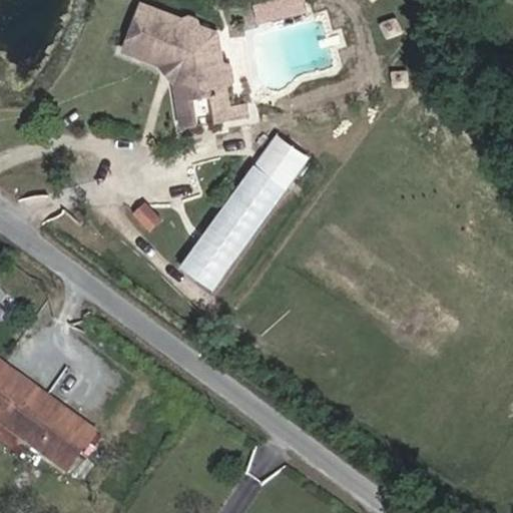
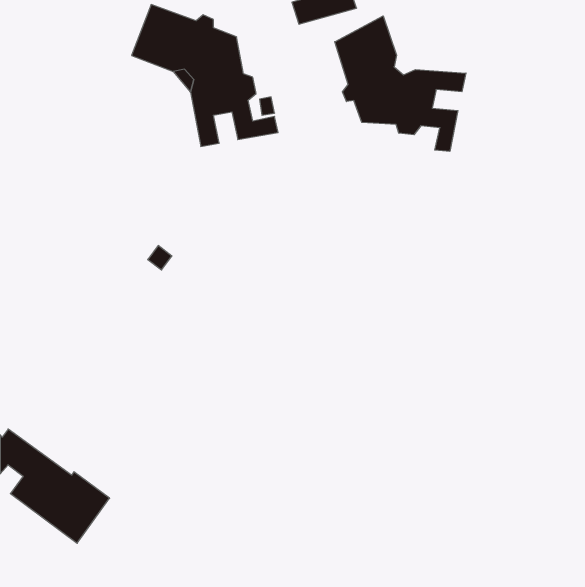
building: none -> [335,16,466,151]
building: [180,130,311,292] -> none

